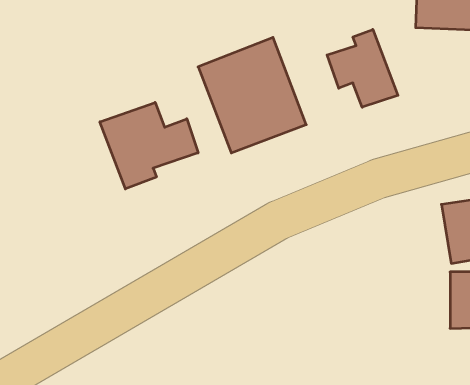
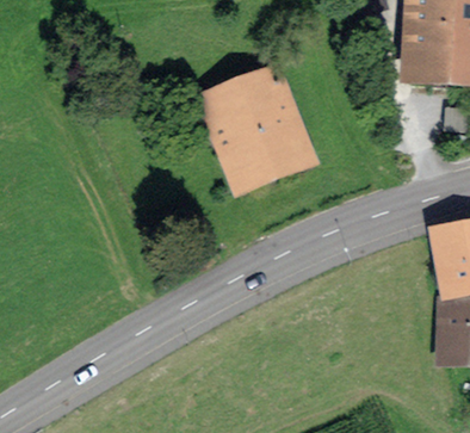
building: [327,29,398,107] -> none
building: [100,102,198,189] -> none

